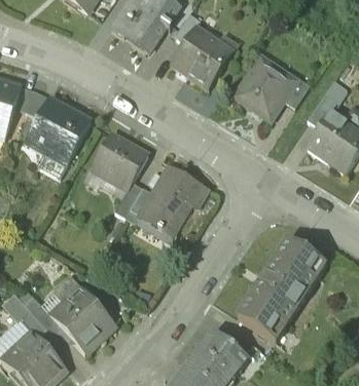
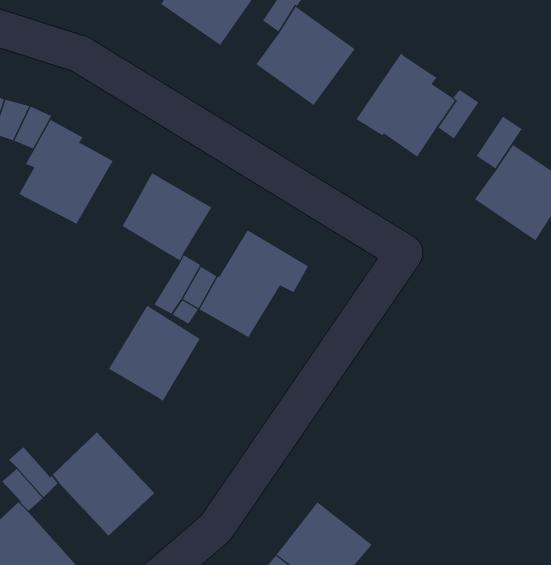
building: none -> [108,305,200,402]
building: [235,241,319,340] -> none

